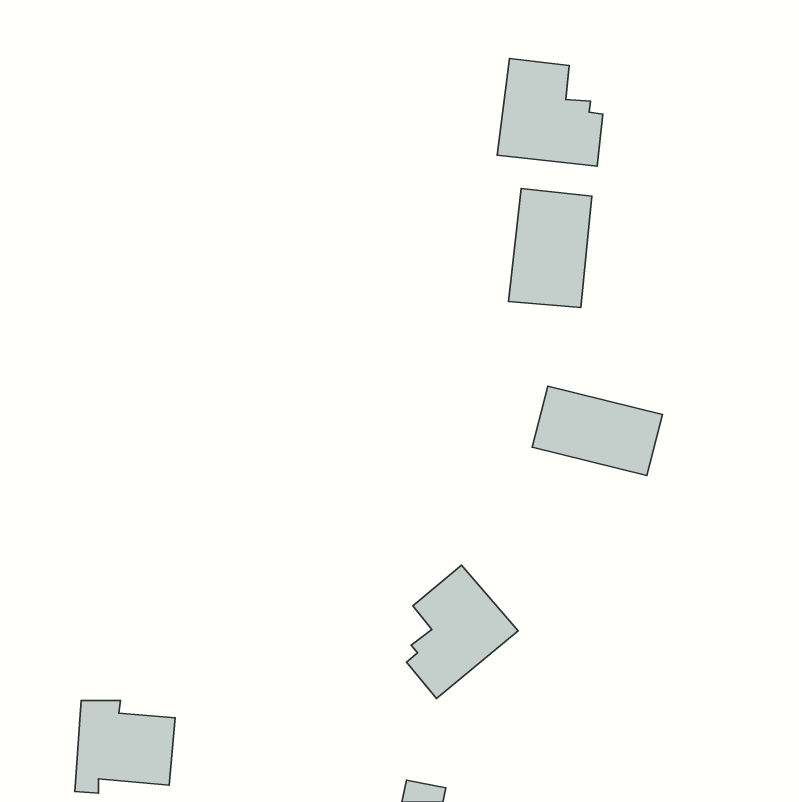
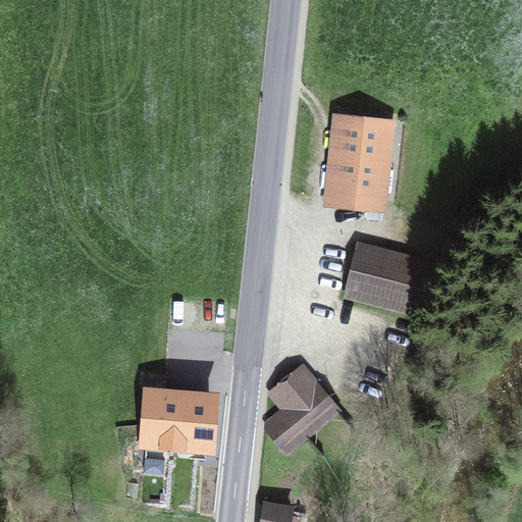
building: [497,59,603,166] -> none
building: [75,700,175,793] -> [143,390,208,451]

